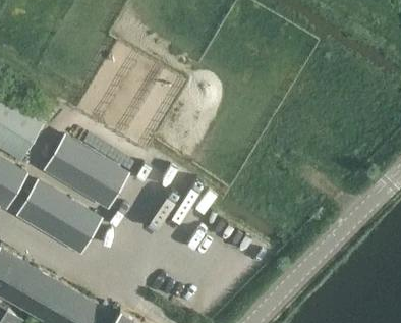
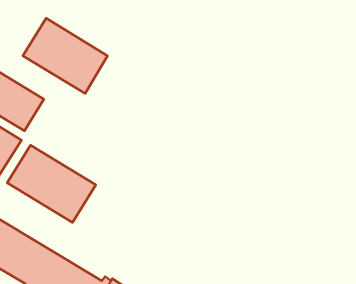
building: [45,133,129,209] -> [23,18,108,94]

